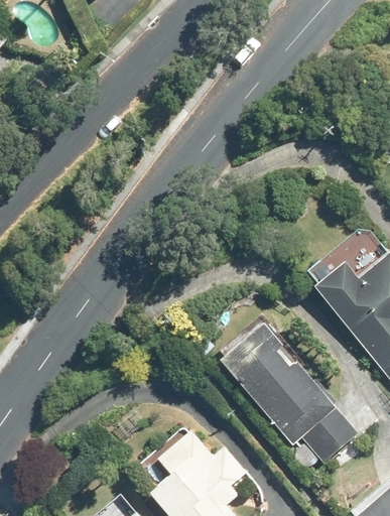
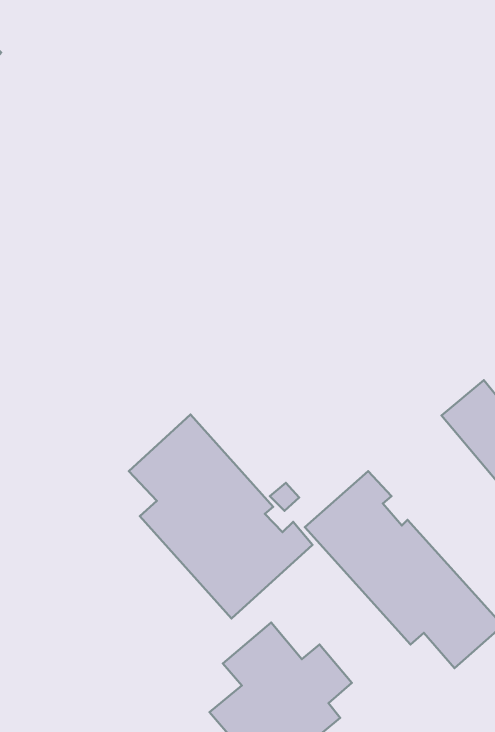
building: none -> [129,415,312,618]

